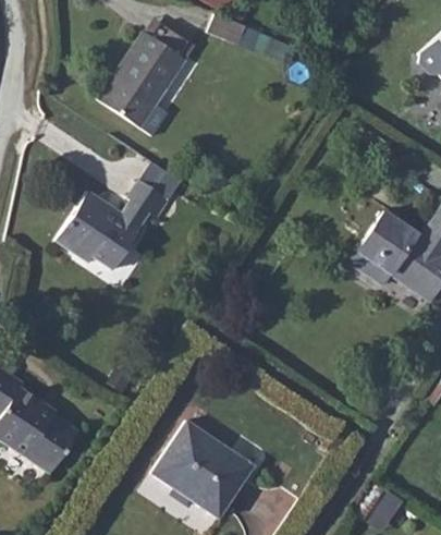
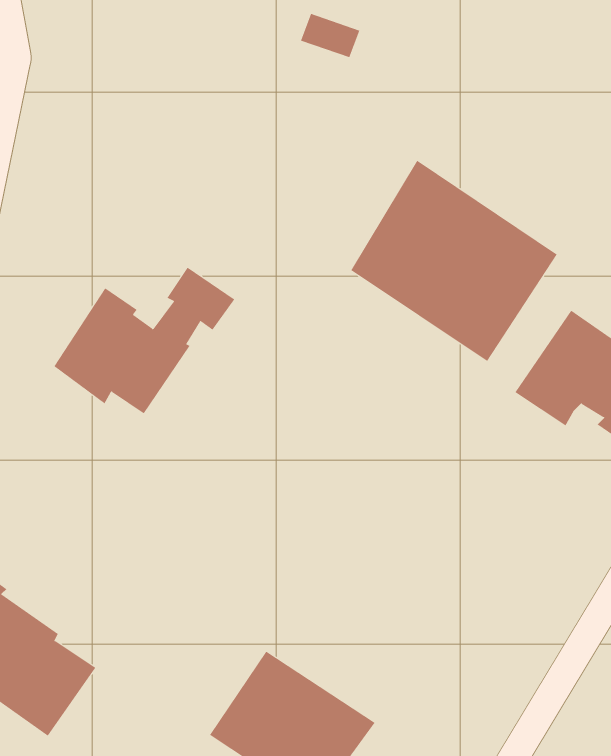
building: [99,32,185,126] -> none
building: none -> [351,160,557,362]

